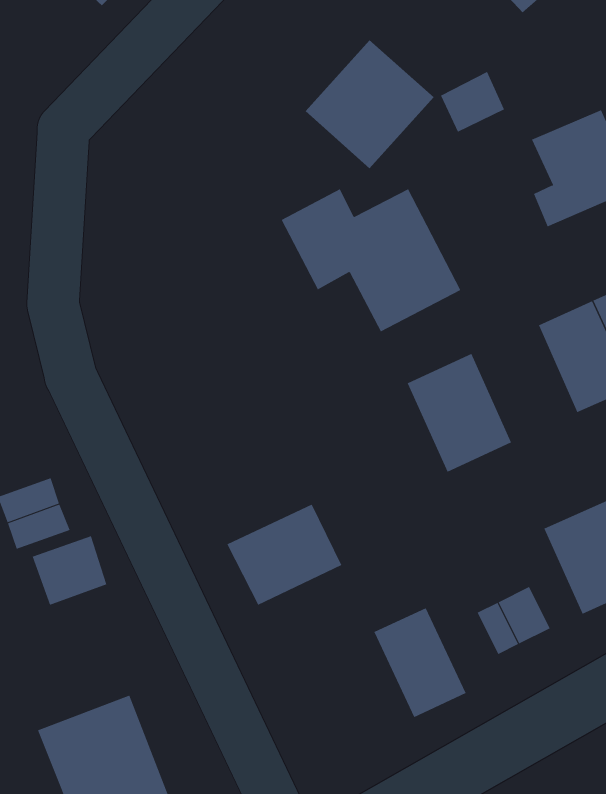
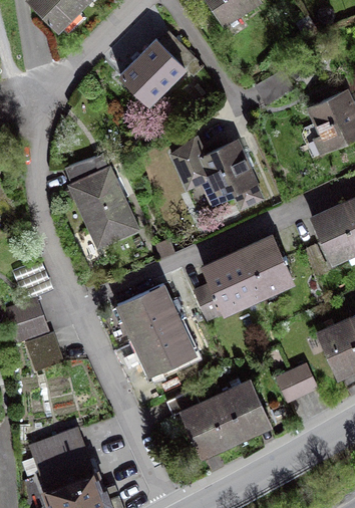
building: [305,39,434,169] -> [116,34,191,108]
building: none -> [62,156,144,252]
building: none -> [193,249,258,324]
building: none -> [115,284,181,341]
building: none -> [178,392,239,459]

